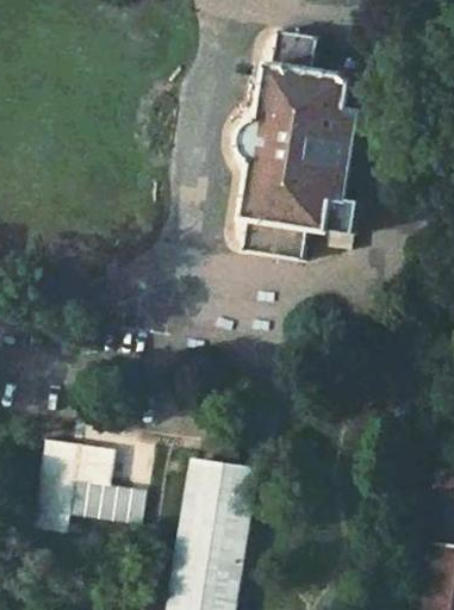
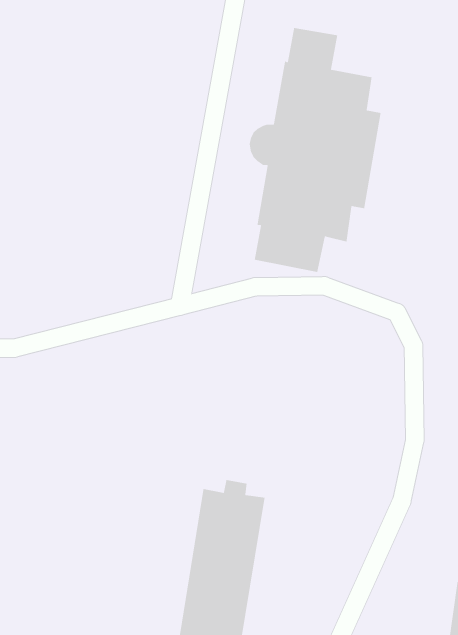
building: [35,440,142,525] -> none

